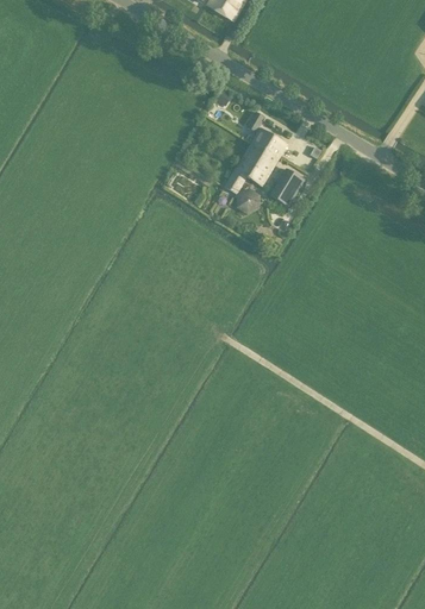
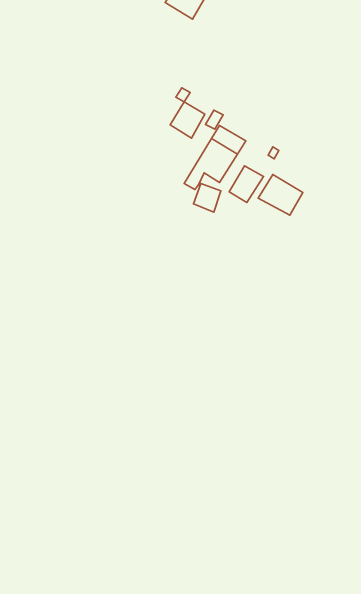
building: none -> [170,102,205,138]
building: none -> [258,175,303,215]

